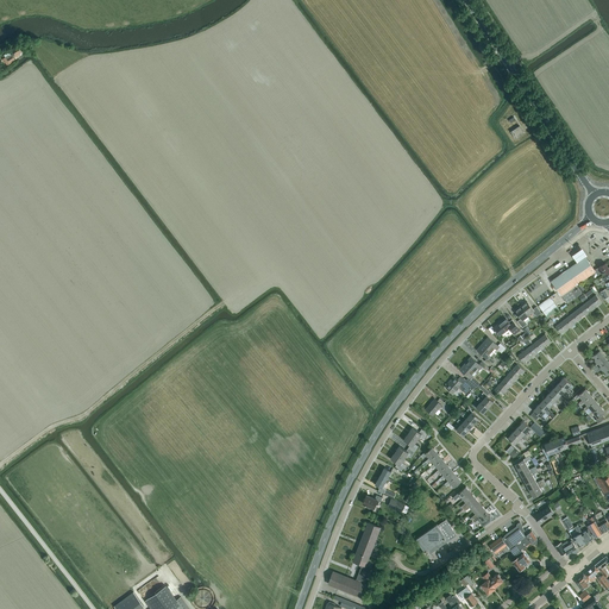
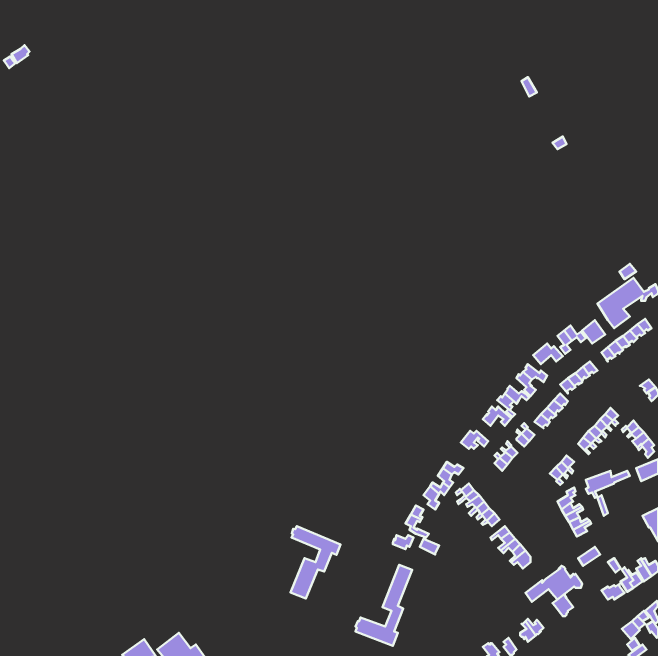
building: none -> [290,526,341,599]
building: [416,521,457,555] -> none

